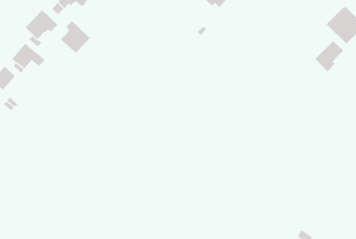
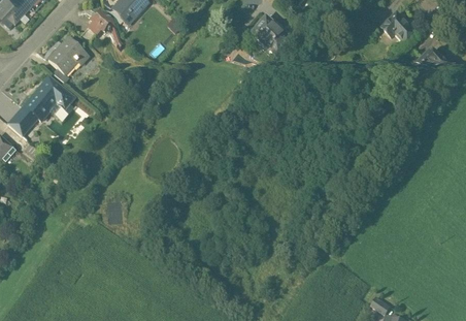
building: [60,20,90,54] -> none
building: [314,40,344,72] -> none

